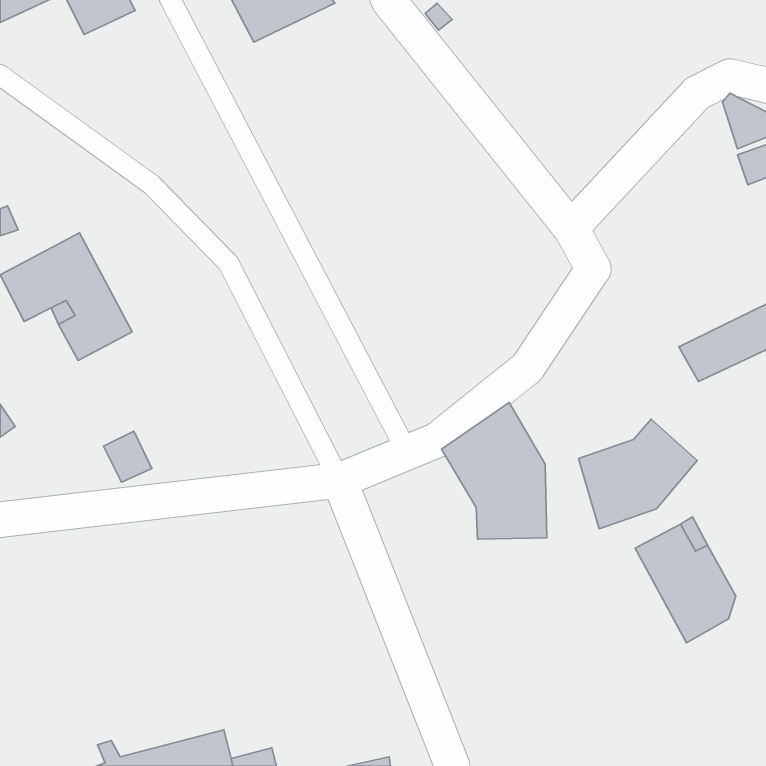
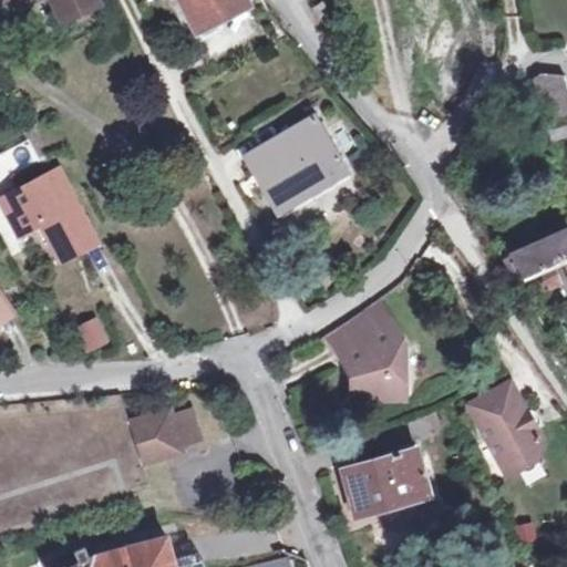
building: none -> [246,116,349,214]
building: [579,419,697,529] -> none
building: none -> [132,411,199,464]
building: none -> [342,447,430,514]

